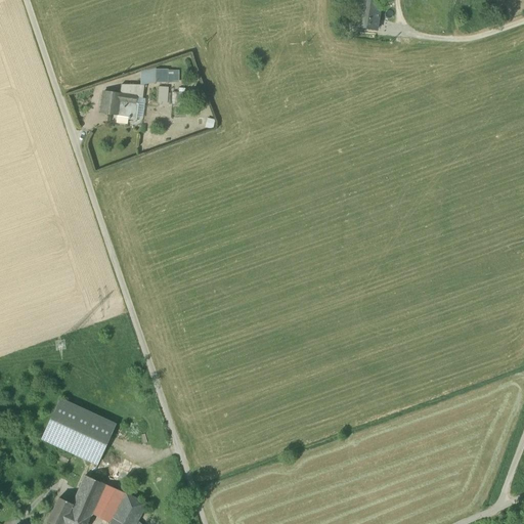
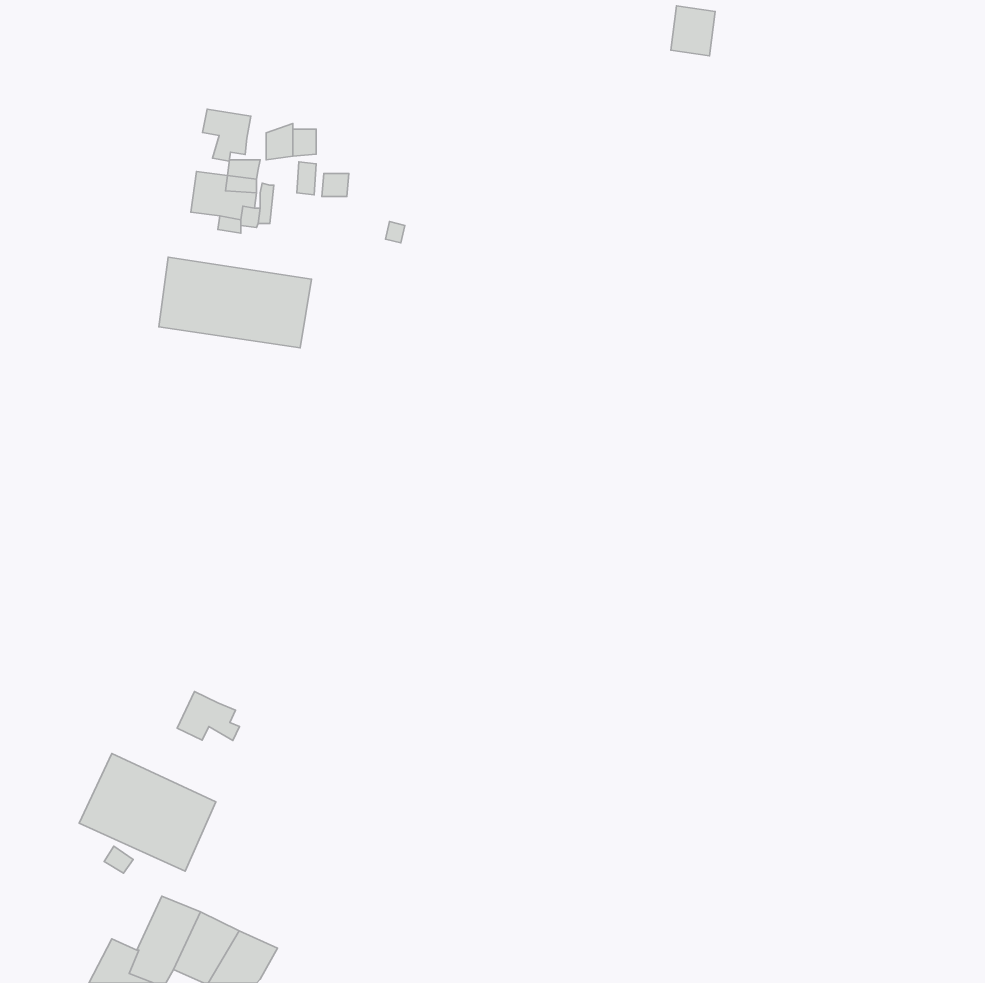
building: none -> [203,109,251,161]
building: none -> [159,257,312,348]
building: none -> [177,691,239,740]

